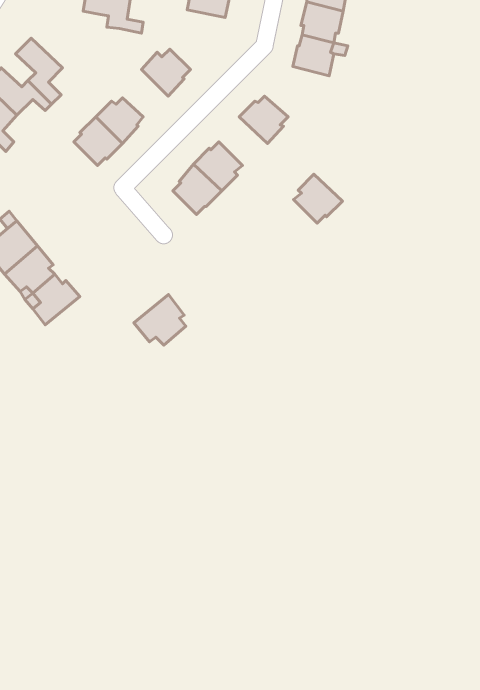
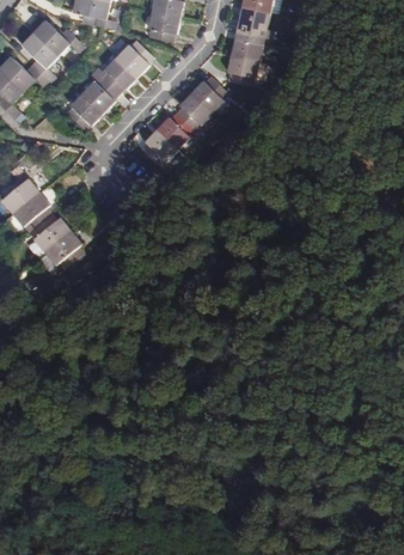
building: none -> [148,11,180,42]
building: none -> [33,19,85,55]
building: none -> [227,54,259,86]
building: none -> [103,56,137,92]
building: [293,174,342,223] -> [176,92,213,129]
building: [134,295,186,345] -> [44,228,84,267]

